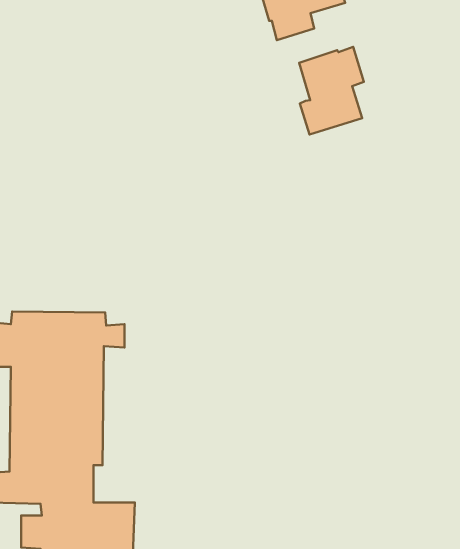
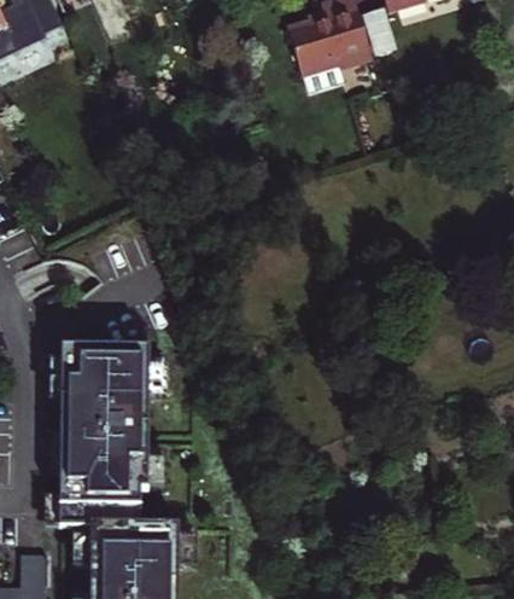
building: [299,47,364,135] -> none

